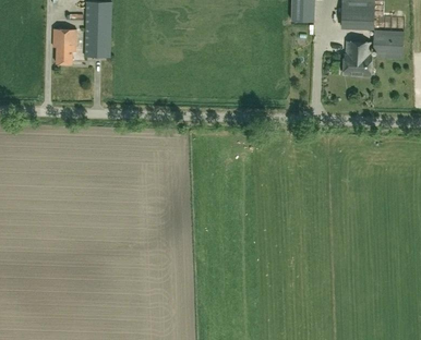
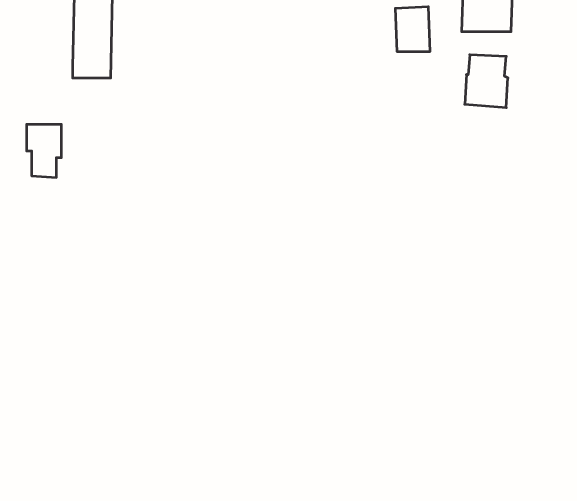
building: [53,29,76,64] -> [27,124,61,177]
building: [373,31,408,59] -> none

